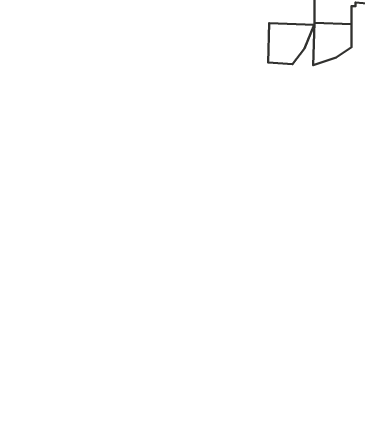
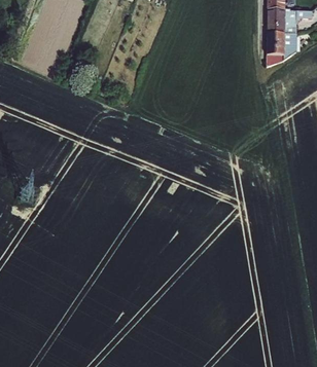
building: [268,23,314,64] -> none

